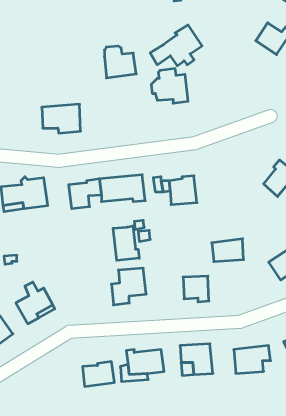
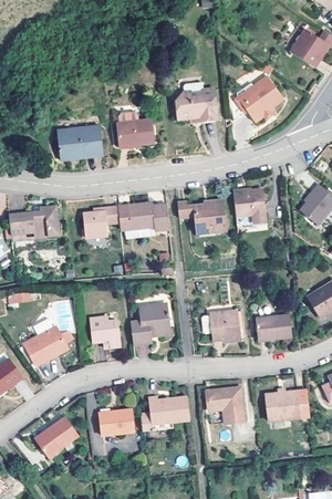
building: [150,25,202,66] -> [226,77,283,123]
building: [104,46,136,78] -> [117,112,153,147]
building: none -> [234,189,267,227]
building: [113,226,139,260] -> none
building: [212,239,244,262] -> [256,313,291,339]
building: none -> [91,315,122,349]
building: none -> [35,415,79,456]

